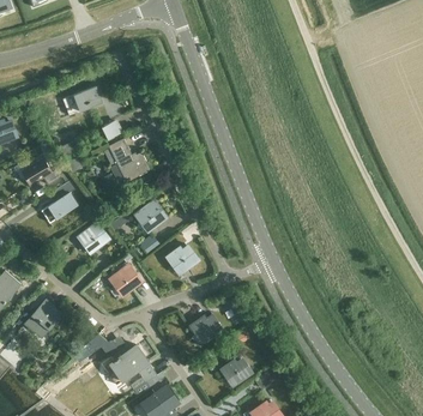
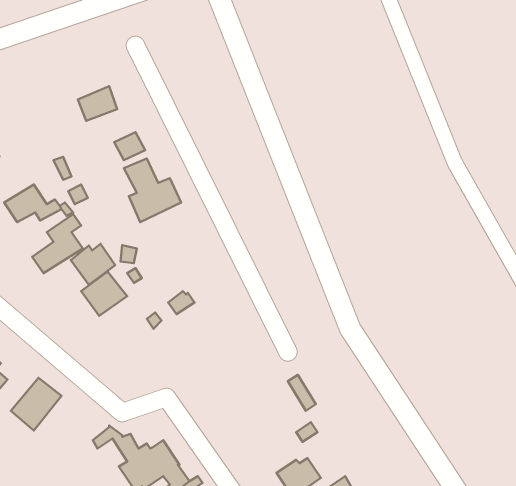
building: [134,201,167,231] -> [71,244,115,285]
building: [165,245,199,273] -> none
building: [108,266,141,295] -> none
building: [189,313,222,343] -> none

